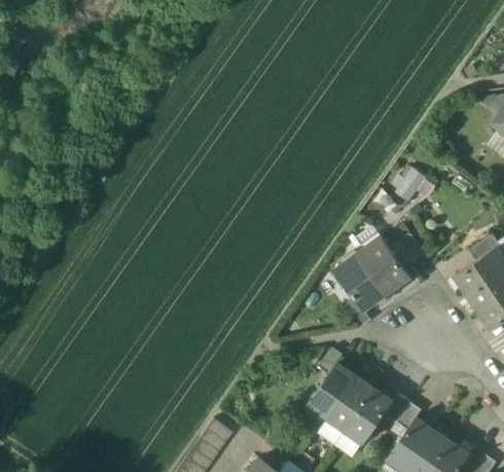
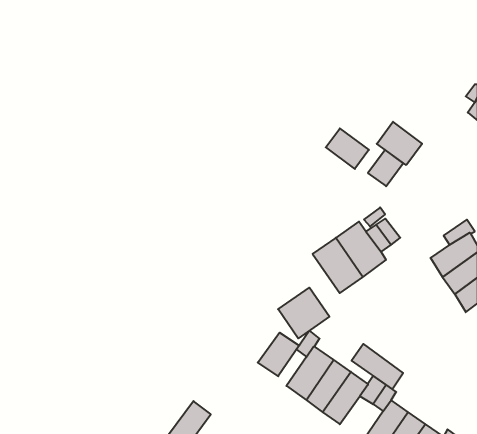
building: none -> [377,122,422,165]
building: none -> [326,128,369,169]
building: none -> [278,288,329,338]
building: none -> [258,333,299,376]
building: none -> [352,344,403,389]

